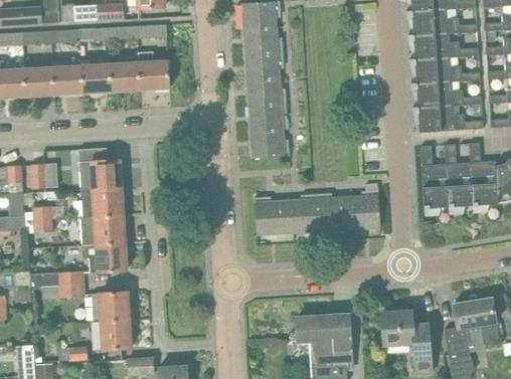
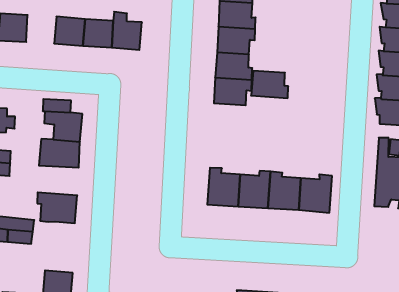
building: [52,65,82,94] -> none
building: [250,131,289,158] -> [251,71,288,98]
building: [82,214,125,244] -> none
building: [93,292,130,323] -> none

